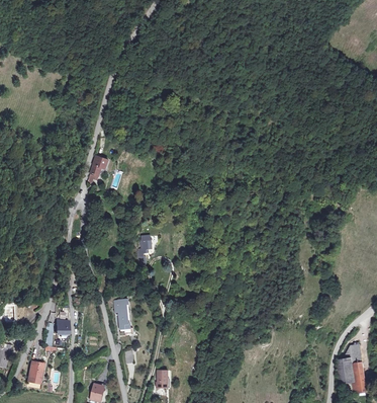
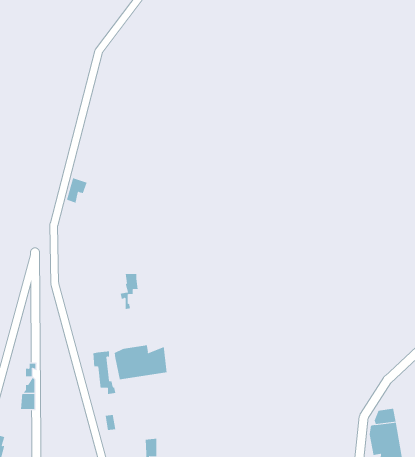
building: none -> [114,345,167,380]

